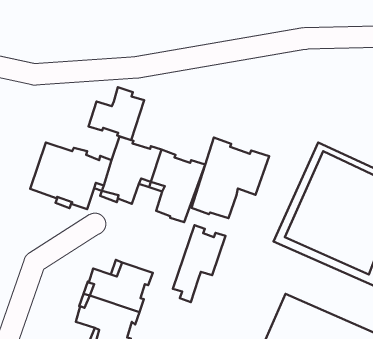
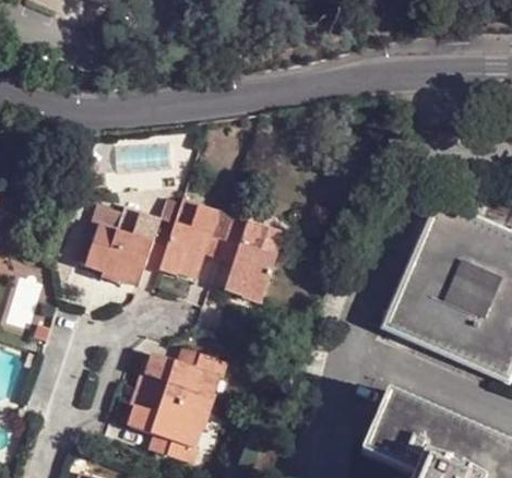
building: [89,87,144,140] -> none
building: [191,137,269,218] -> none
building: [173,225,225,302] -> none

